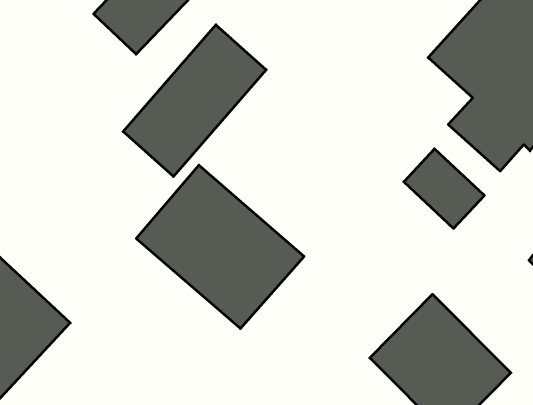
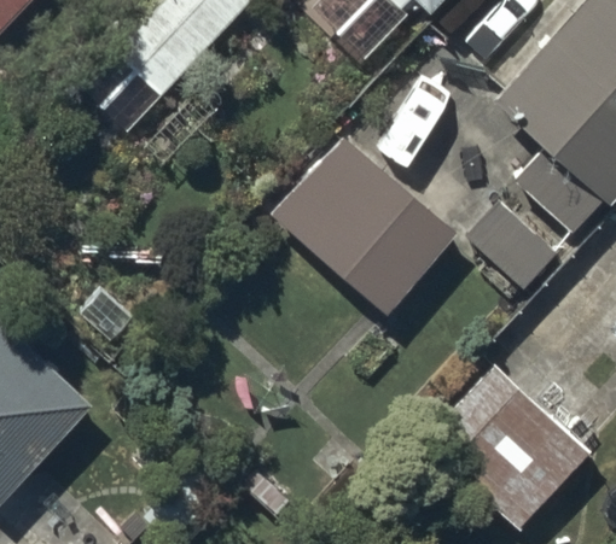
building: [123,25,266,177] -> none
building: [136,165,304,329] -> [272,133,463,318]

